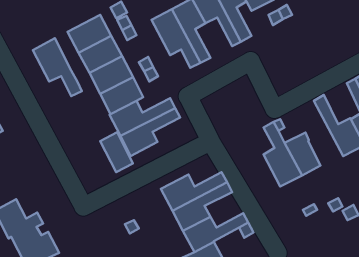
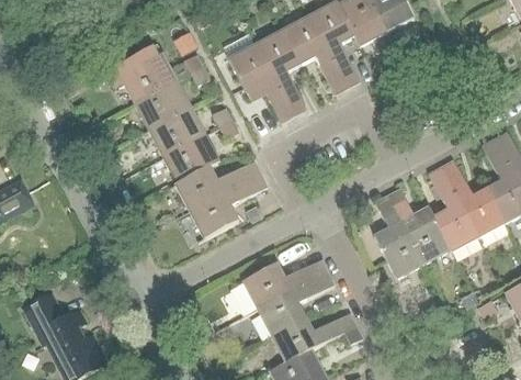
building: [33,38,82,96] -> none
building: none -> [429,164,478,252]
building: [100,132,133,172] -> none

